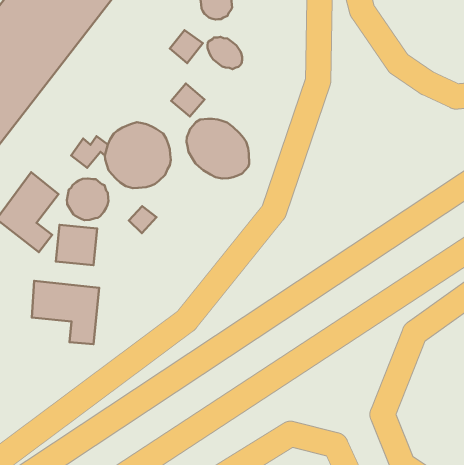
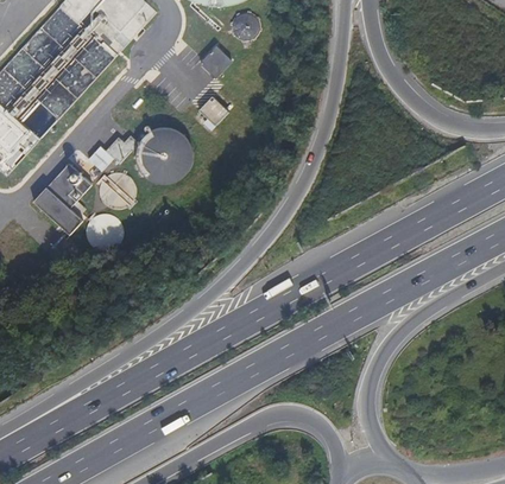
building: [208,37,242,69] -> none
building: [186,119,249,179] -> none
building: [32,281,99,344] -> none

